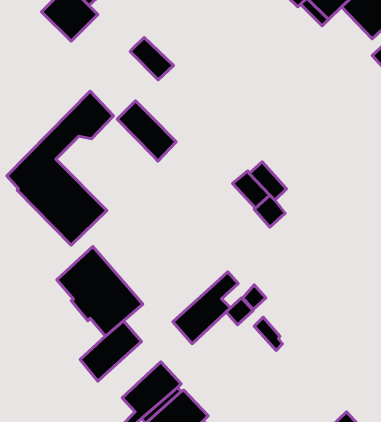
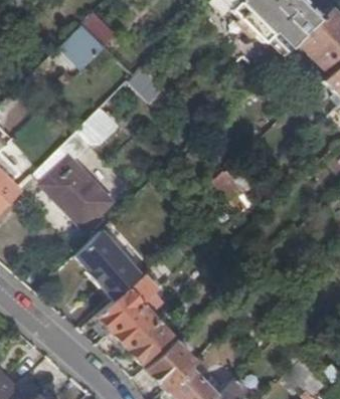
building: [117,101,176,161] -> none
building: [173,272,238,344] -> [112,291,163,348]

